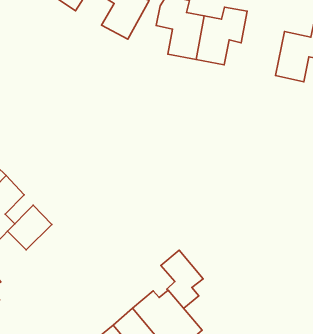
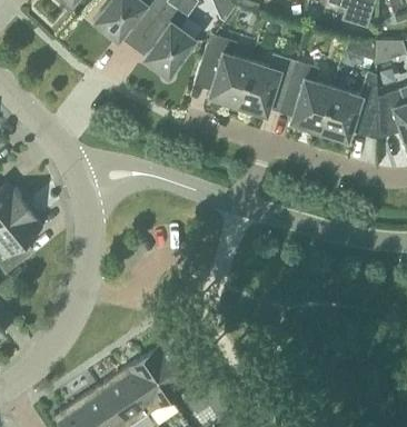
building: none -> [286,61,332,131]
building: [7,205,52,250] -> none
building: [161,250,203,308] -> none

